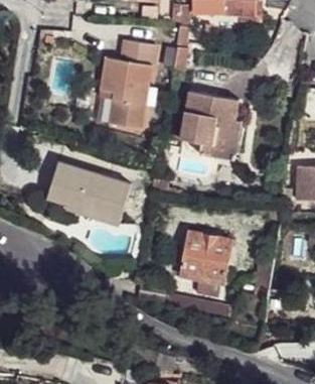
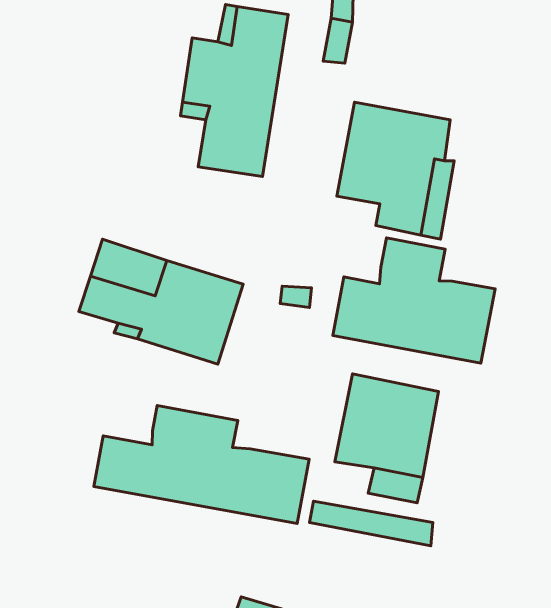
building: none -> [333,238,495,363]
building: none -> [94,405,309,523]

